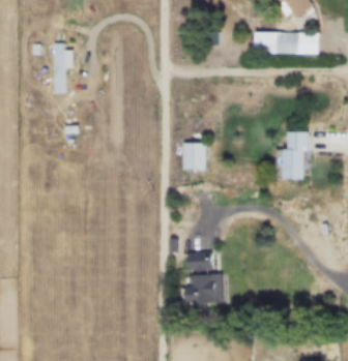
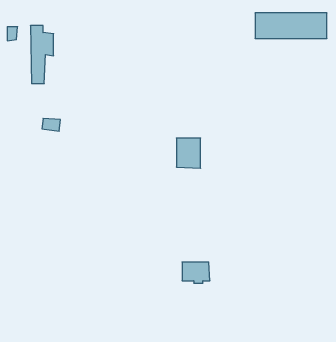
building: [284,132,310,181] -> none
building: [187,275,225,306] -> none

